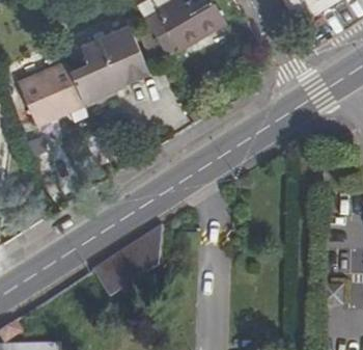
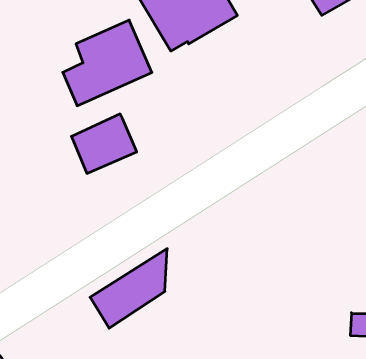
building: [26,69,83,120] -> [71,114,137,173]

